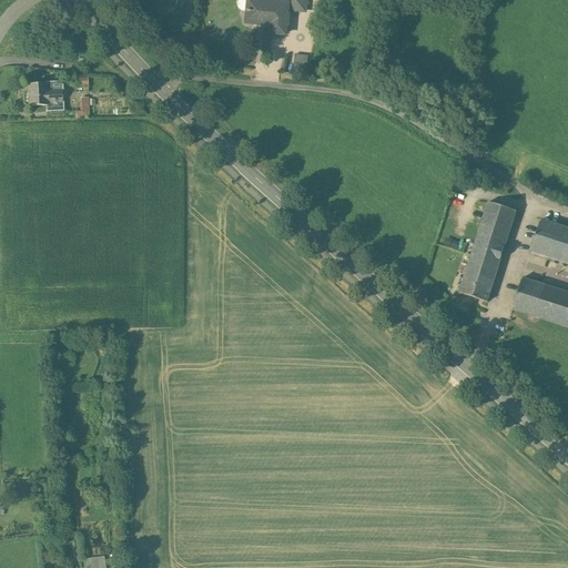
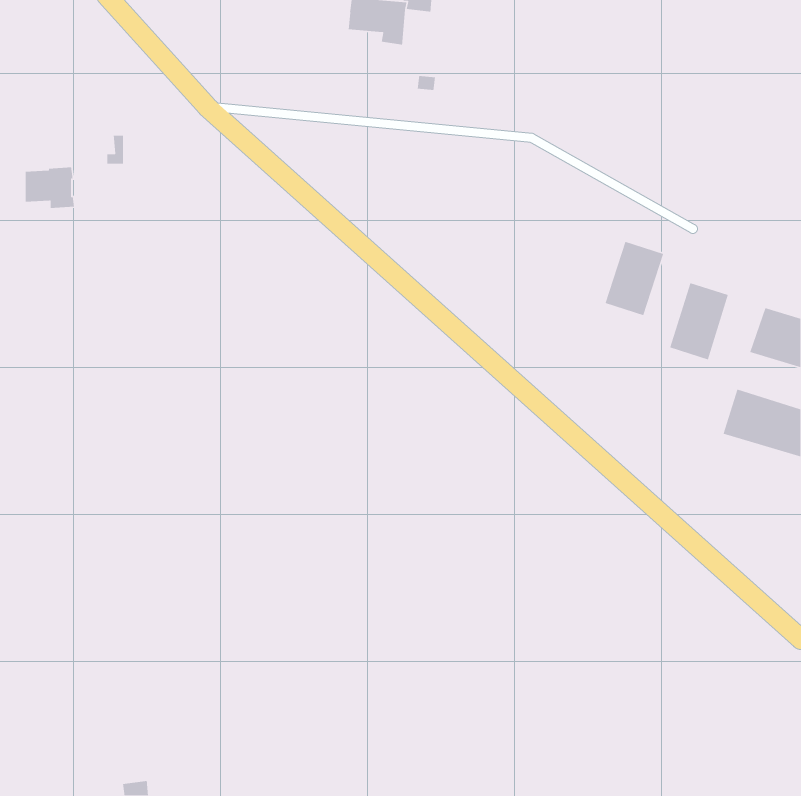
building: [28,79,63,109] -> [25,167,75,209]
building: [459,246,501,300] -> [605,241,664,316]

